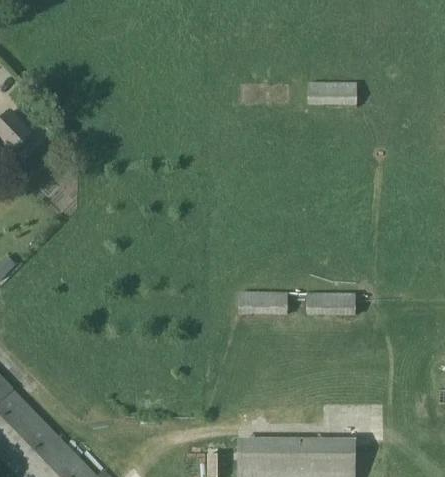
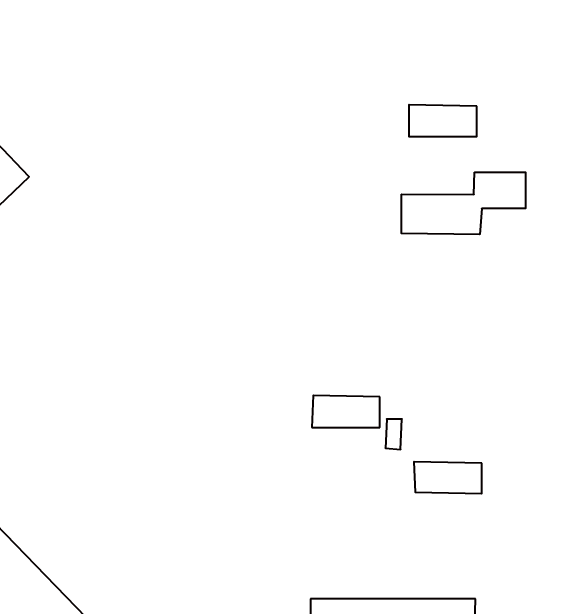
building: none -> [401,172,526,234]
building: [306,293,355,316] -> [414,462,482,494]

